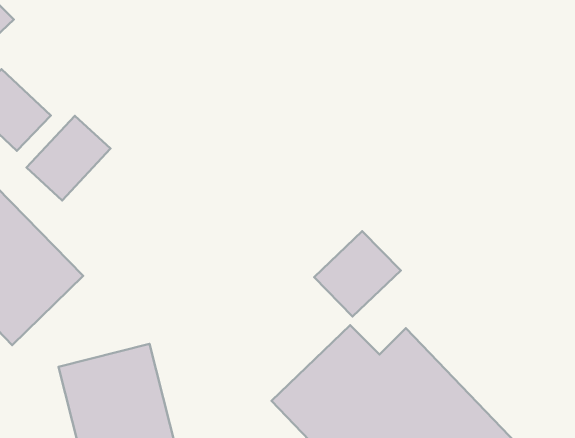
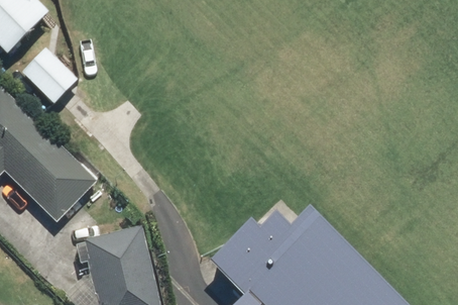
building: [26,116,111,200] -> none
building: [314,231,401,316] -> none

